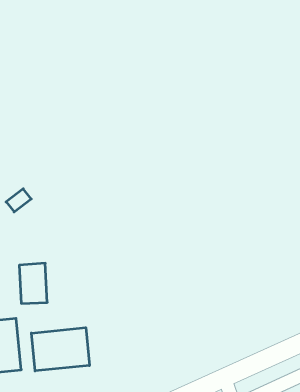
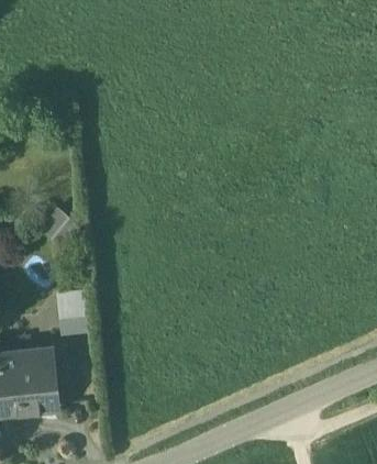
building: [31,328,89,371] -> none

